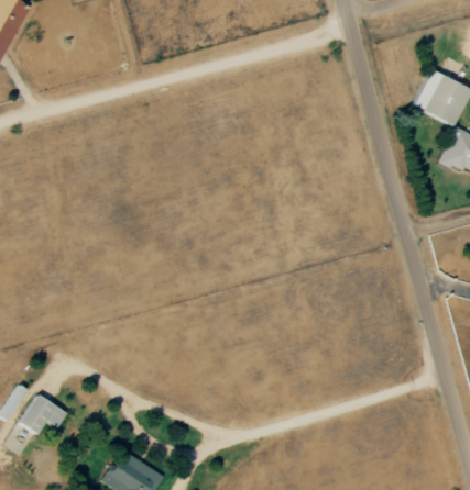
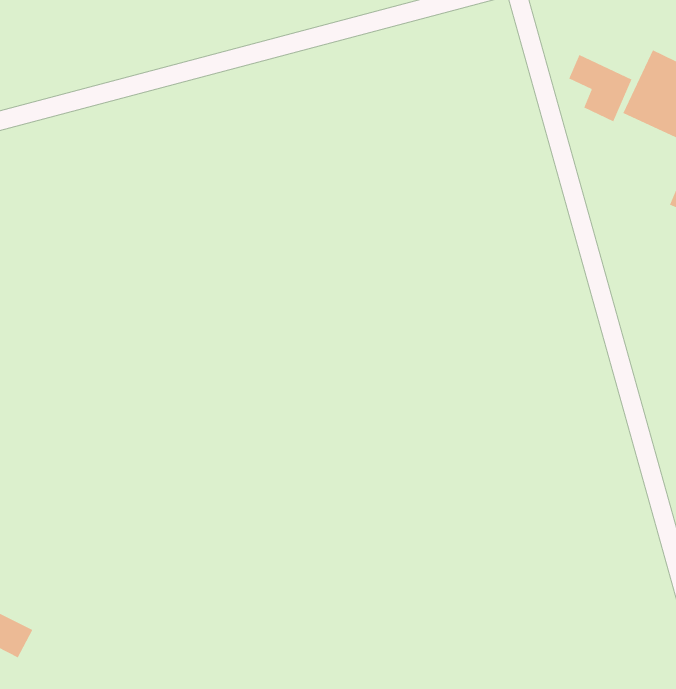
building: none -> [568,54,632,122]

